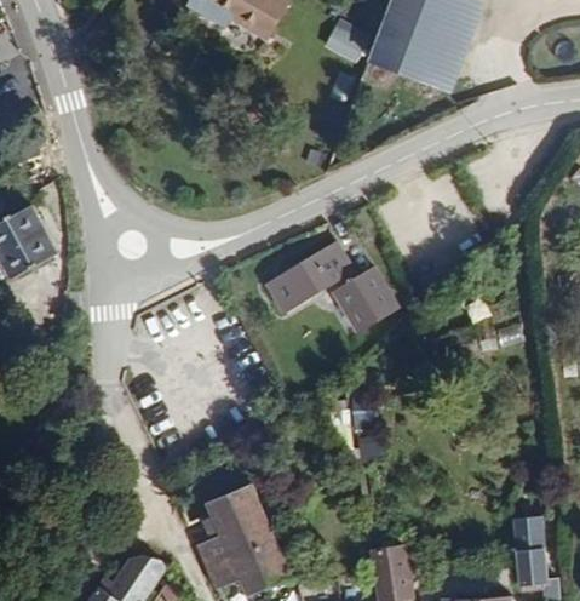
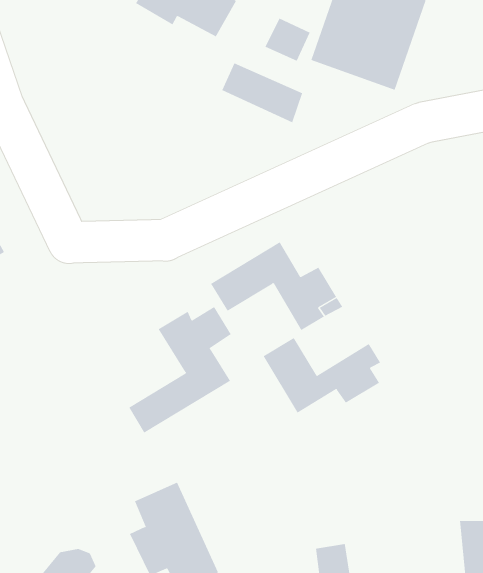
building: none -> [221,63,303,123]
building: none -> [128,306,232,433]
building: none -> [263,337,381,414]

